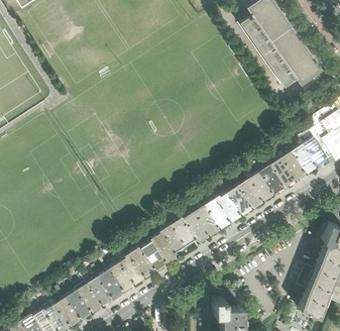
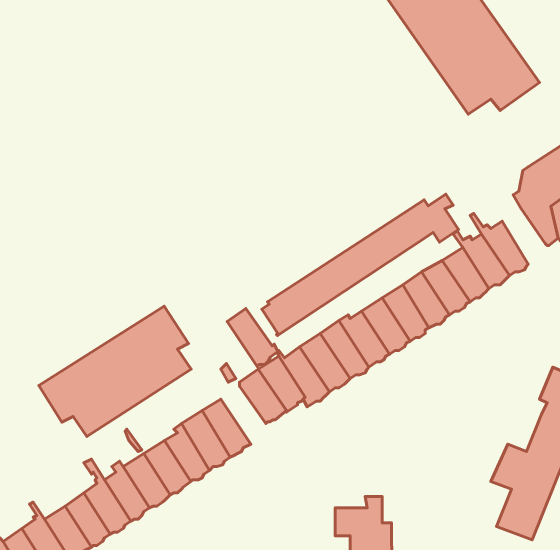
building: none -> [262,194,458,336]
building: [297,133,329,168] -> none
building: none -> [39,306,191,437]
building: [151,233,179,264] -> [227,308,278,367]

